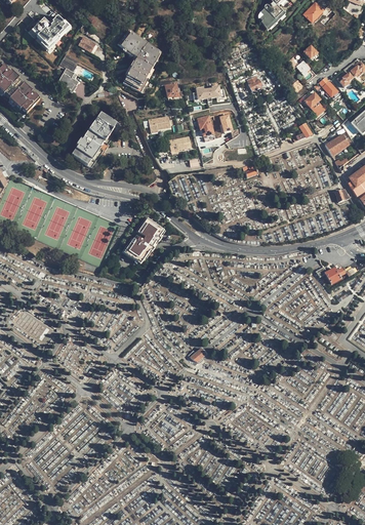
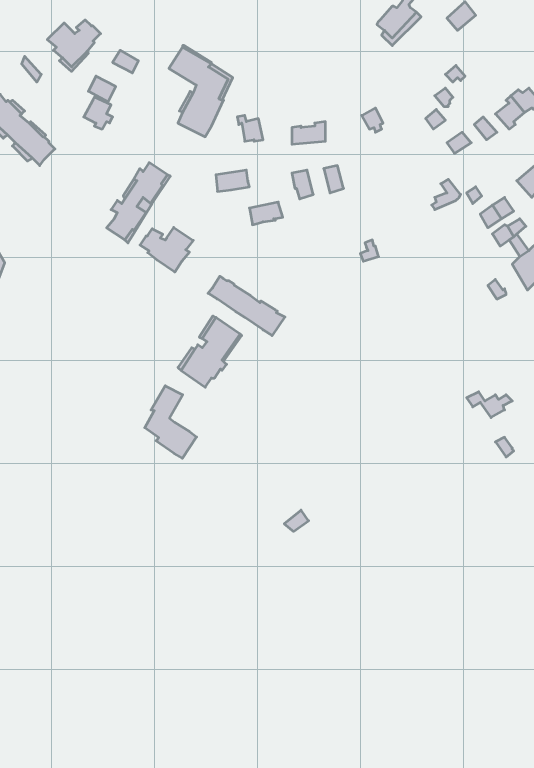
building: none -> [140,227,193,272]
building: none -> [208,276,285,336]
building: none -> [145,386,197,458]

